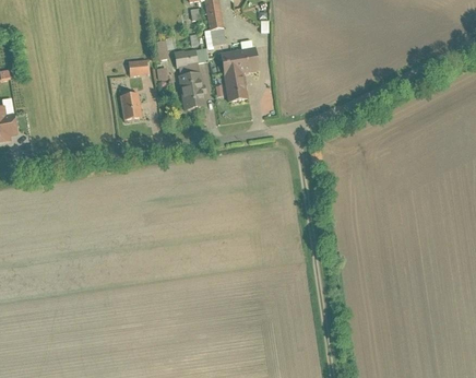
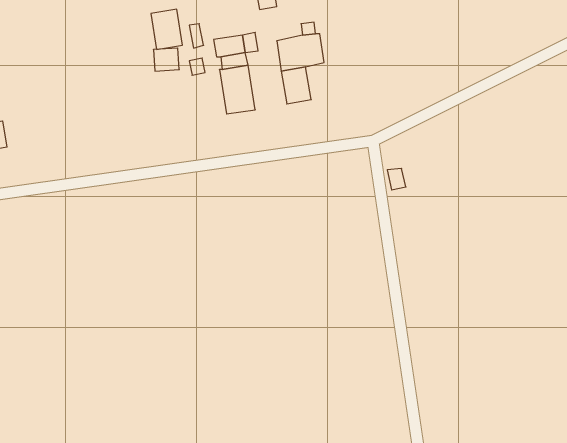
building: [119,92,143,122] -> [151,9,182,49]

